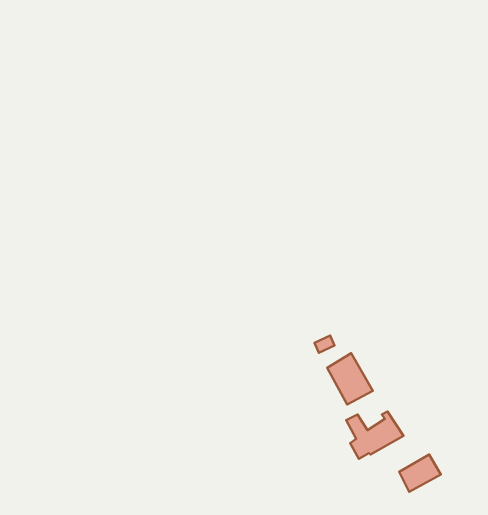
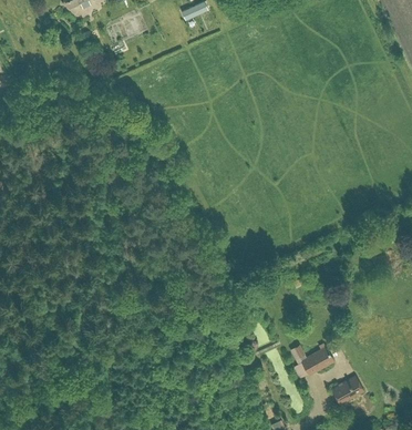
building: [327,353,373,405] -> none

